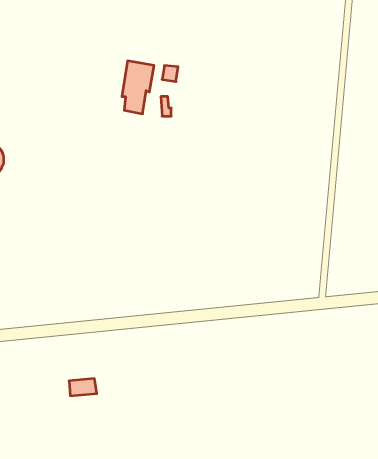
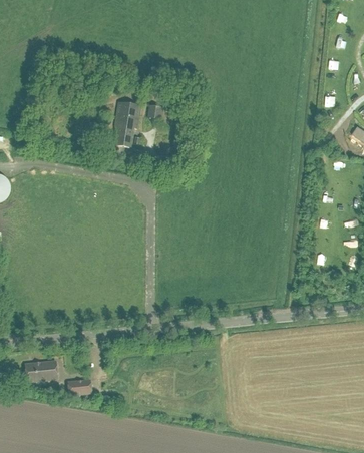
building: none -> [23,360,56,381]

